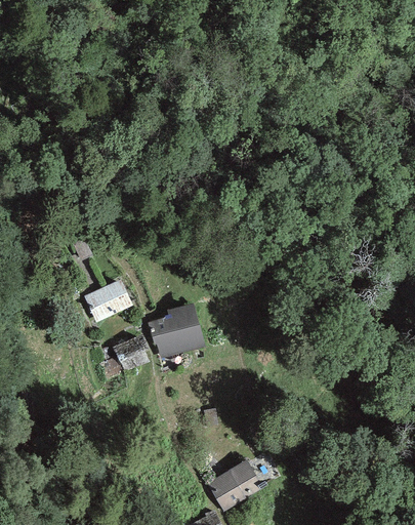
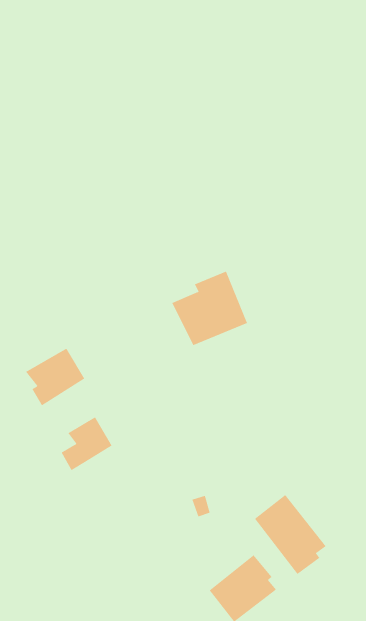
building: [148,302,205,358] -> [172,271,248,346]
building: none -> [254,494,326,575]

